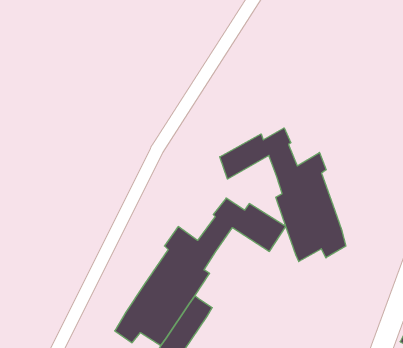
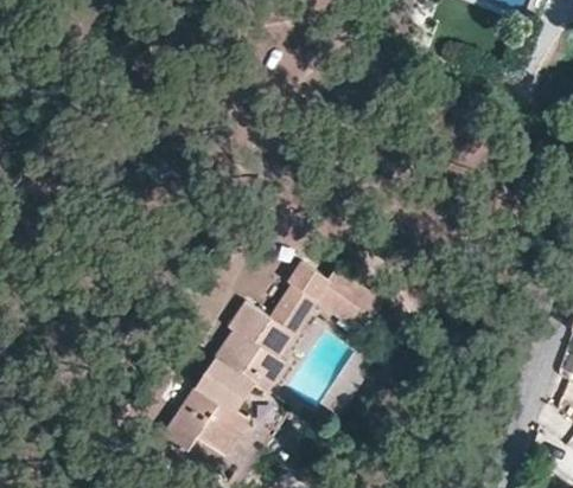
building: [220,128,346,262] -> none

